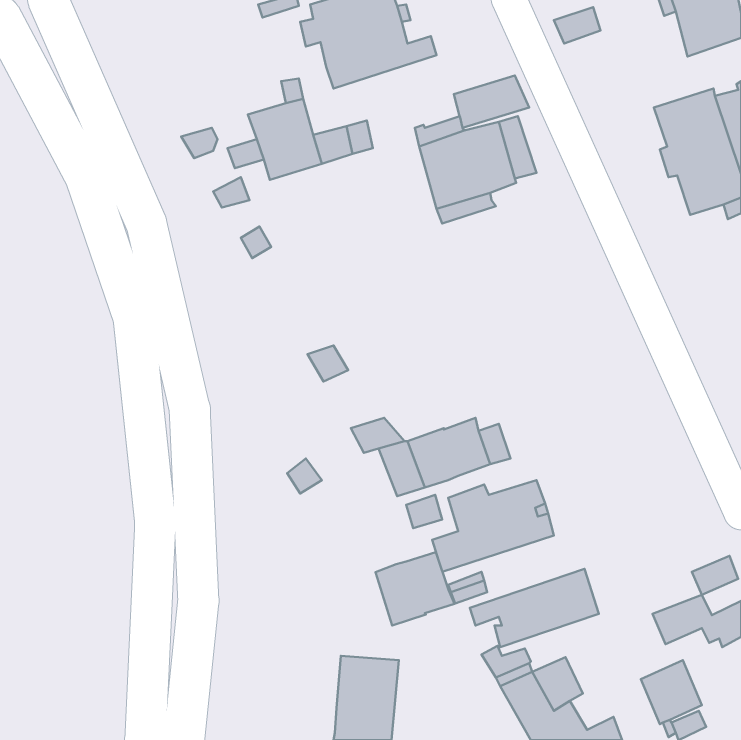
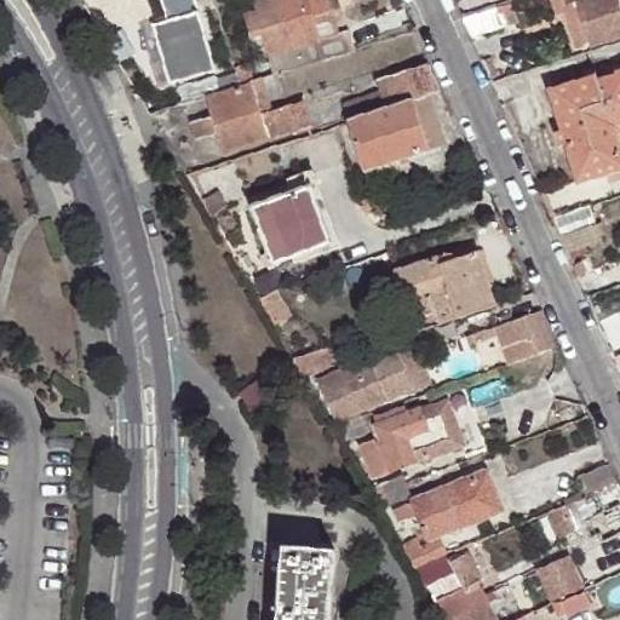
building: none -> [154,5,216,75]
building: none -> [256,188,332,264]
building: none -> [394,248,496,331]
building: none -> [496,311,557,364]
building: [376,552,454,625] -> none

